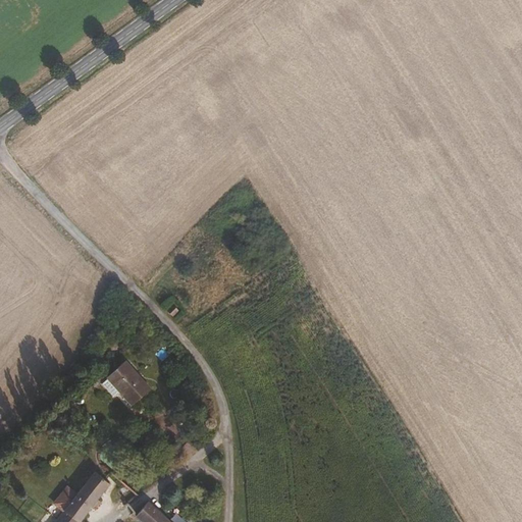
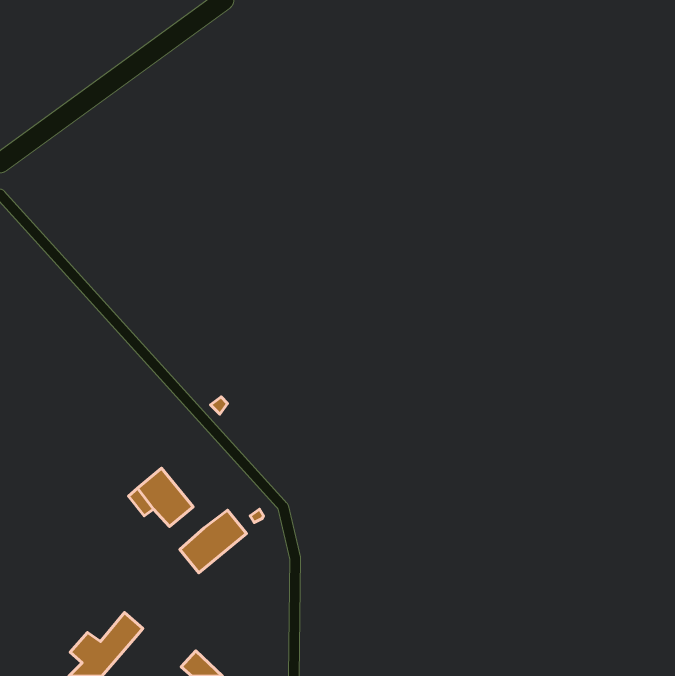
building: none -> [180,510,247,573]

